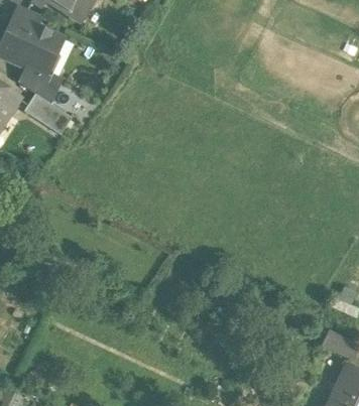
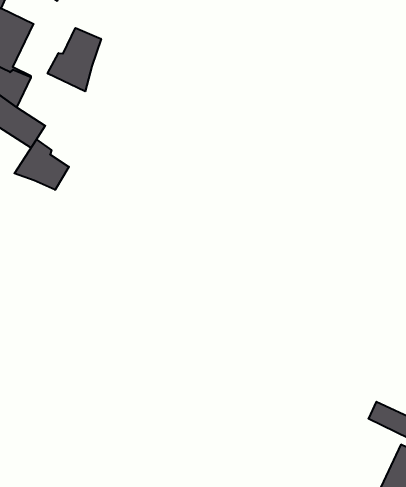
building: none -> [48,28,101,91]
building: none -> [14,139,69,190]

